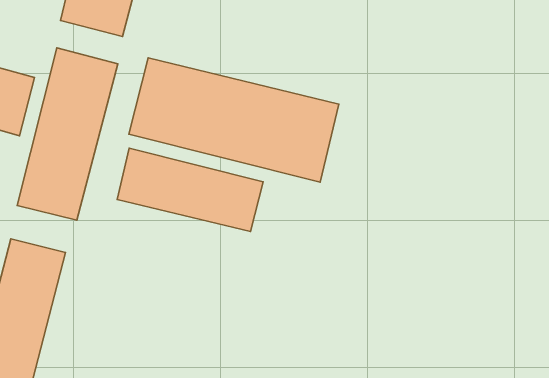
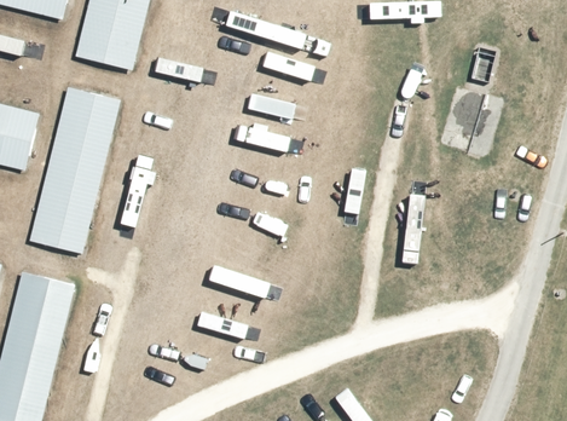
building: [129,58,339,182] -> none
building: [117,148,263,232] -> none

